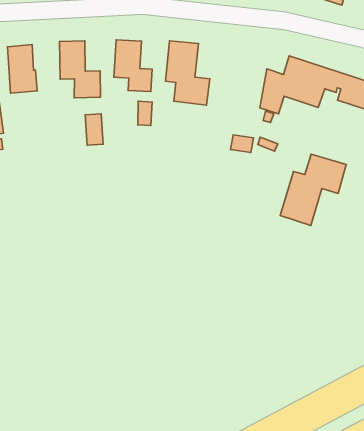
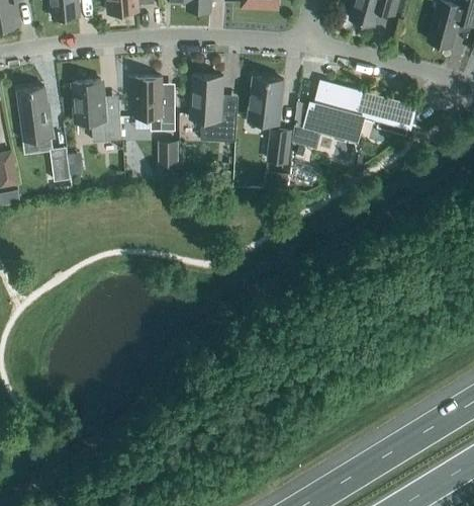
building: none -> [248,76,283,122]
building: none -> [266,126,292,163]
building: [85,114,103,145] -> [50,146,71,180]
building: [280,154,346,225] -> none

